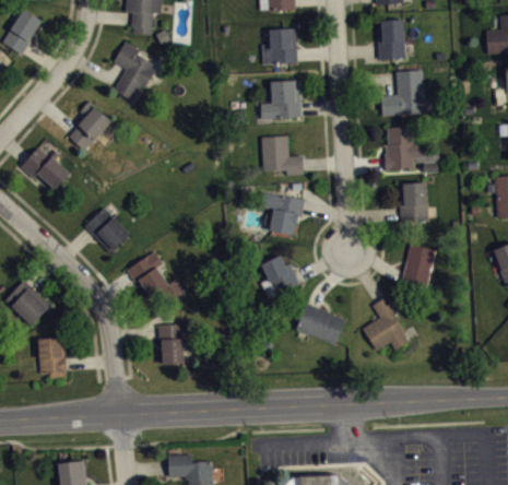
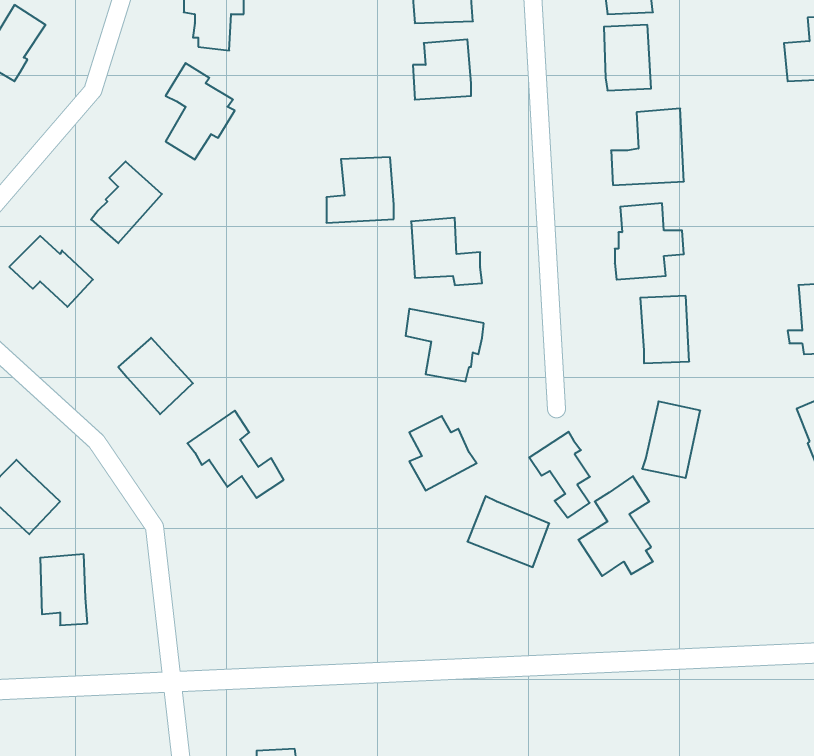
building: [260,81,300,120] -> [326,157,394,223]
building: none -> [529,432,590,518]
building: [157,324,184,364] -> none

